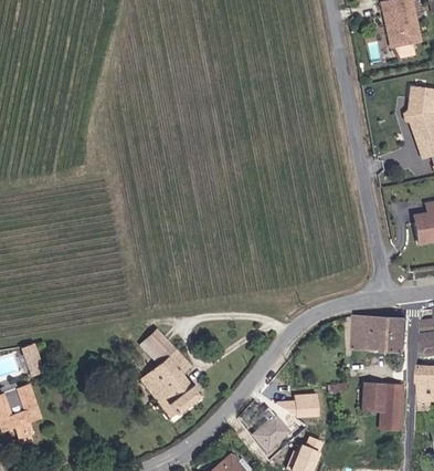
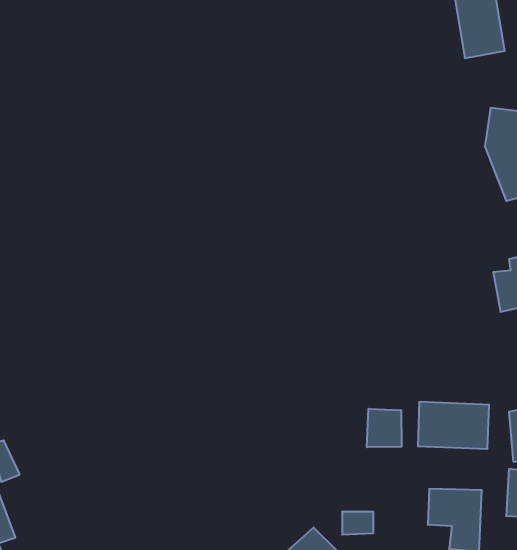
building: none -> [367,409,402,447]
building: [139,327,201,418] -> none

